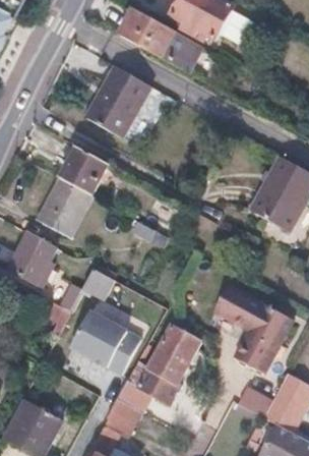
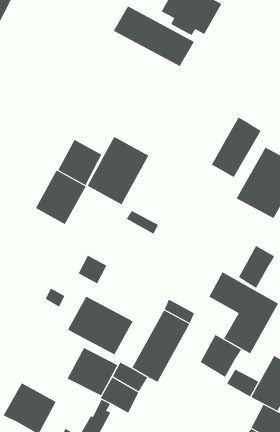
building: [84,65,149,137] -> [87,136,149,205]
building: none -> [211,117,261,178]
building: [6,232,56,285] -> none
building: none -> [238,245,275,289]
building: none -> [200,334,241,378]
building: none -> [67,347,118,396]

